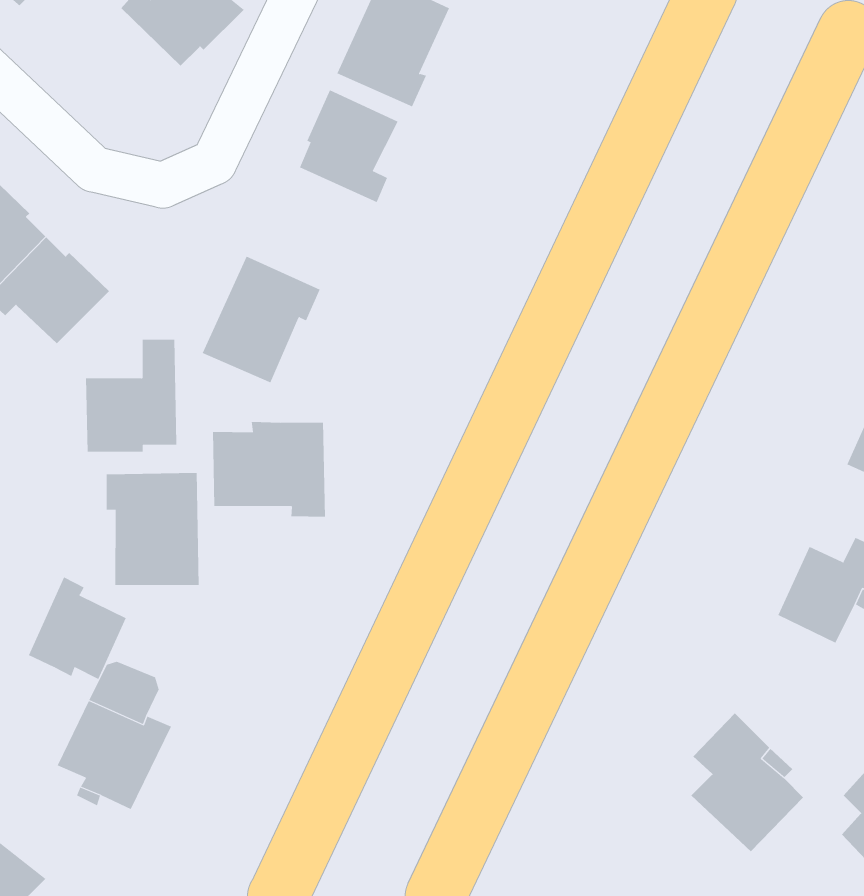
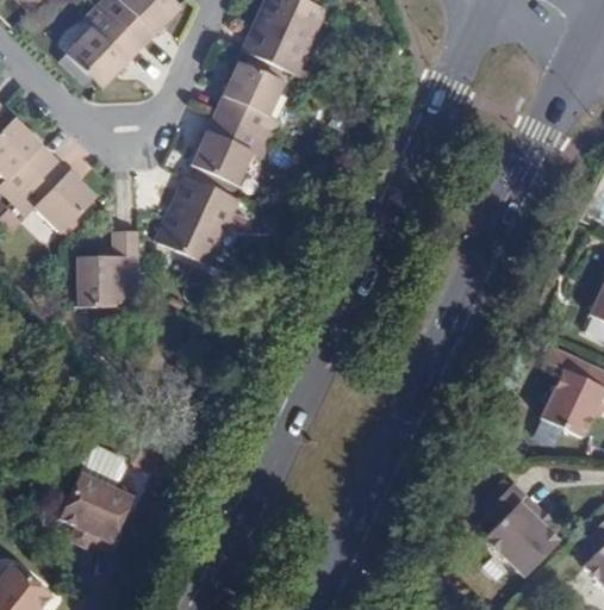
building: none -> [68,7,141,89]
building: none -> [194,114,273,186]
building: [213,421,325,517] -> none
building: [106,472,199,586] -> none
building: [28,577,127,680] -> none

